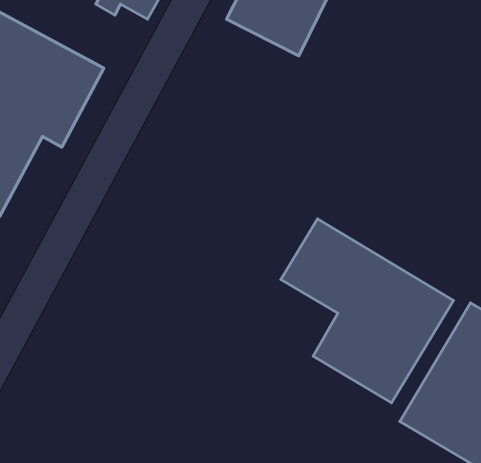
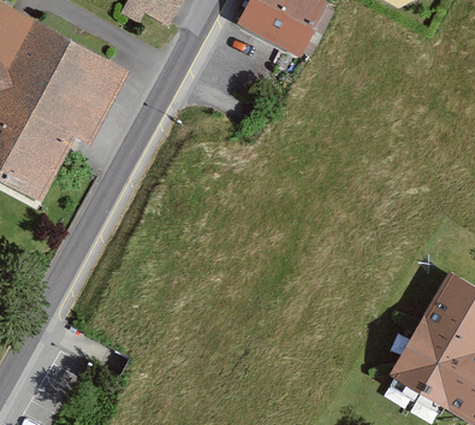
building: [281,219,454,403] -> none

